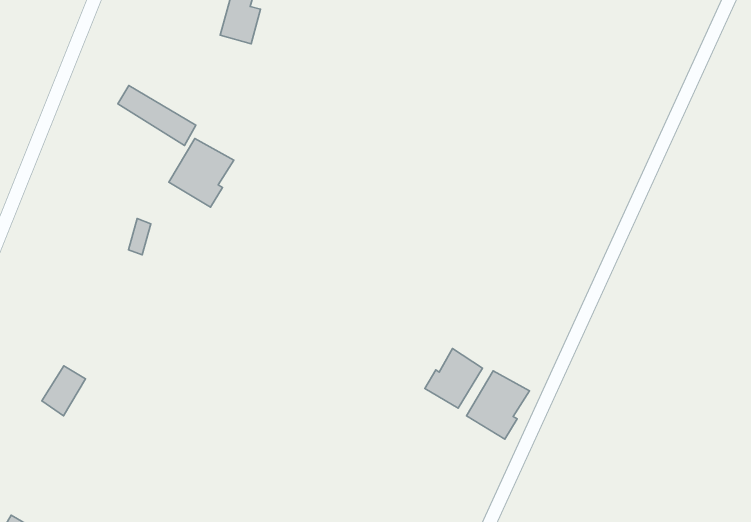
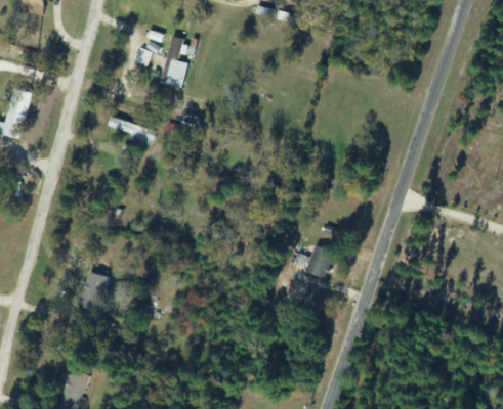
building: [169,138,234,207] -> none
building: [466,371,529,439] -> none

